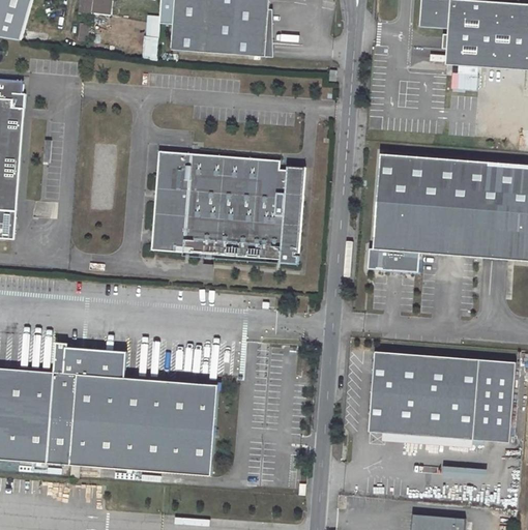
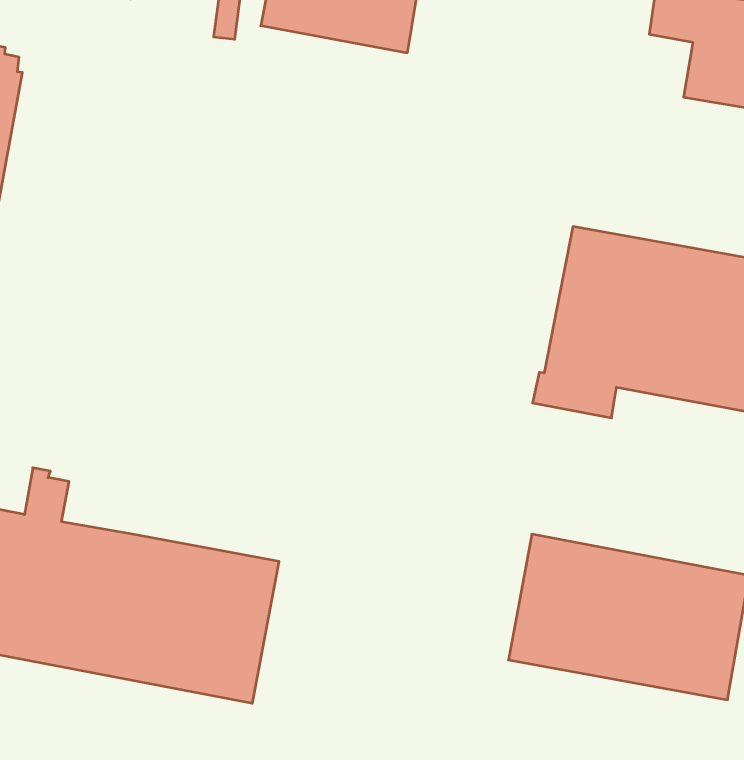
building: [152,151,305,265] -> none
building: [79,349,127,378] -> none

